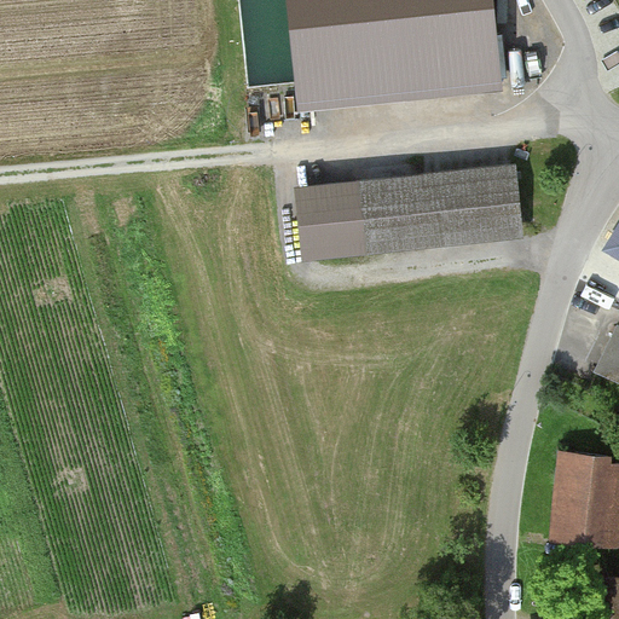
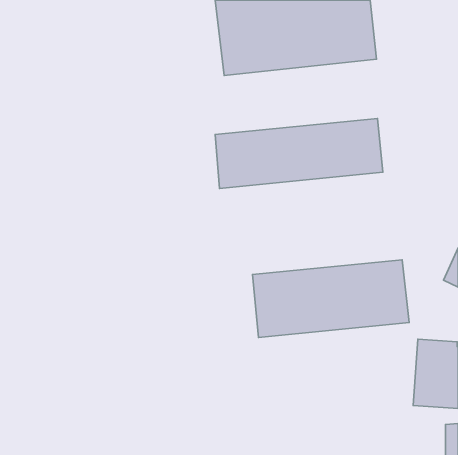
building: none -> [252,260,409,337]

